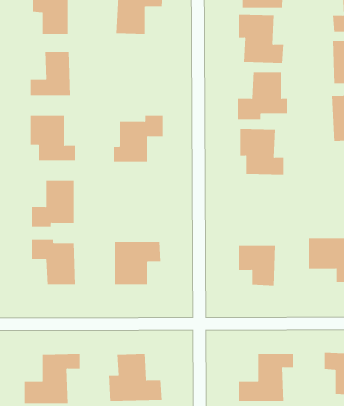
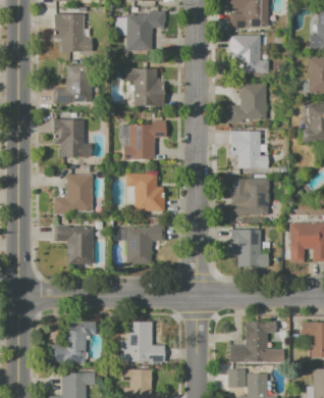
building: none -> [126,67,163,106]
building: none -> [127,172,166,211]
building: none -> [229,178,268,222]

